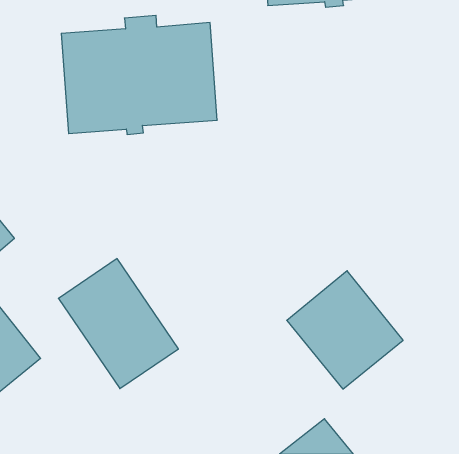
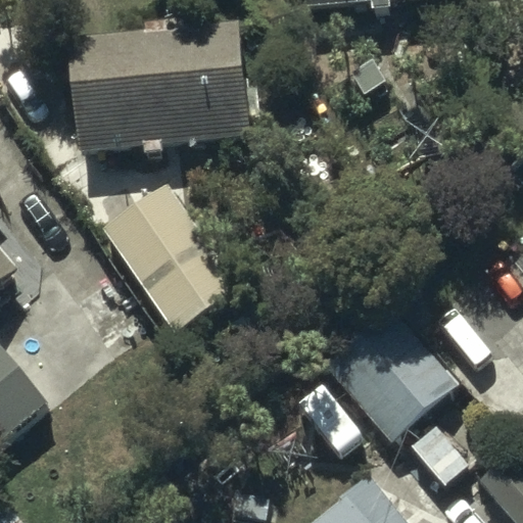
building: [58,259,178,389] -> [102,184,238,331]

